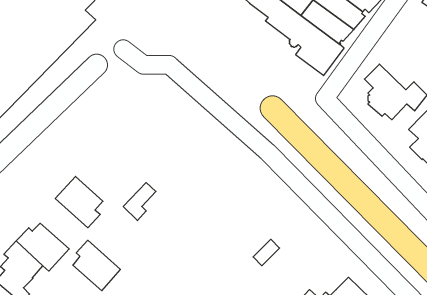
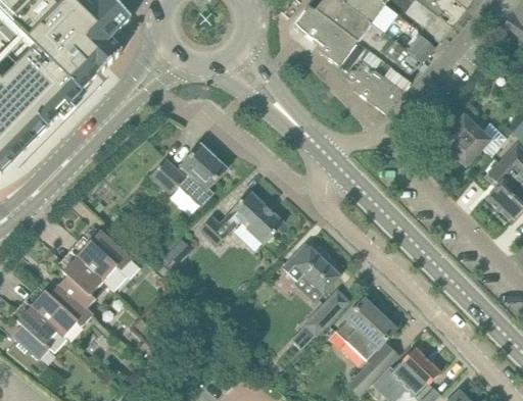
building: none -> [151,144,226,204]
building: none -> [199,190,283,245]
building: none -> [277,243,339,294]
building: none -> [335,299,395,358]
building: [73,240,120,291] -> [58,256,113,314]

